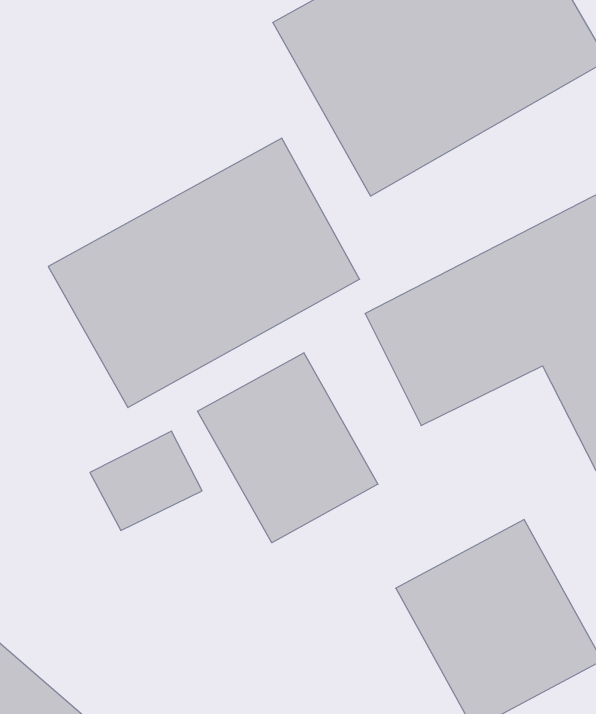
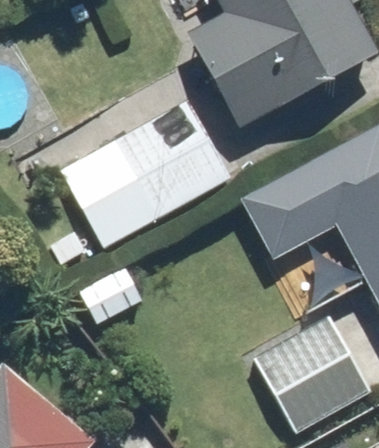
building: [198,353,378,543] -> none

